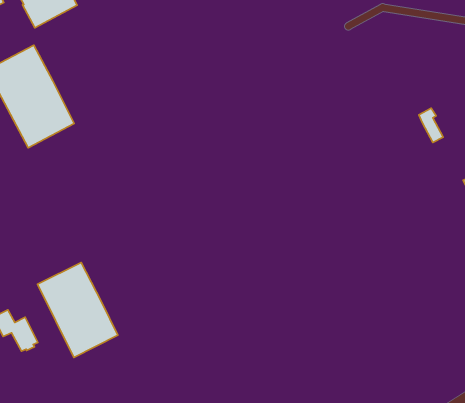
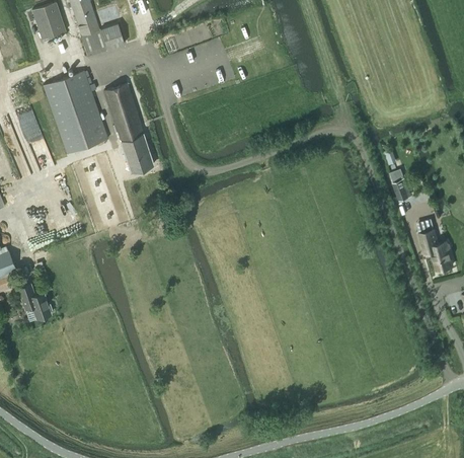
building: none -> [103,84,154,172]
building: [38,263,118,358] -> none

